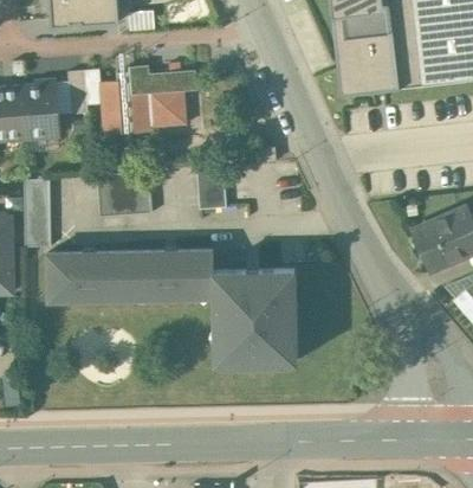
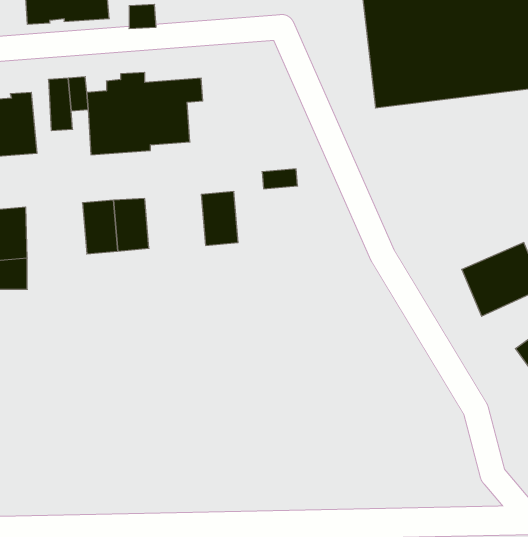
building: [46,251,296,366] -> none

